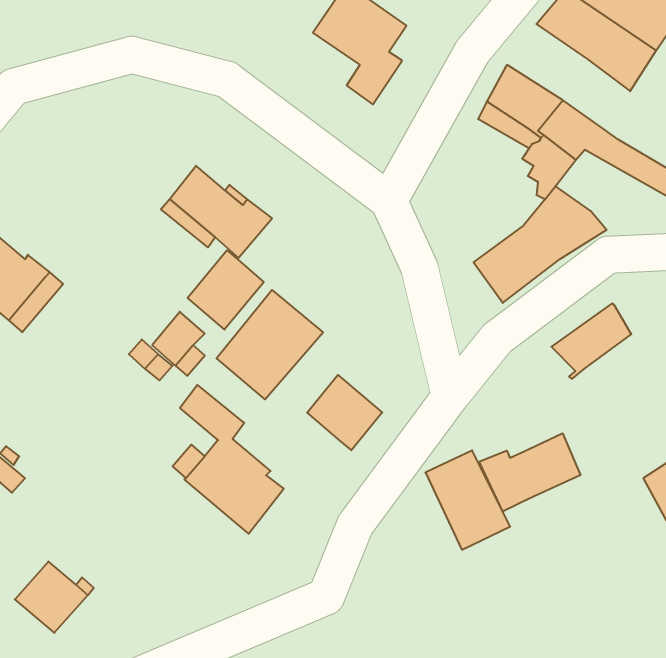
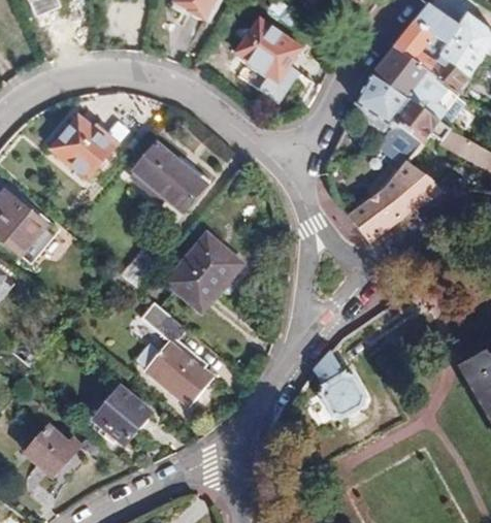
building: none -> [371,45,467,127]
building: none -> [50,115,114,178]
building: [188,250,264,330] -> none
building: [551,303,631,379] -> none
building: [307,375,382,450] -> none
building: [479,433,580,512] -> none
building: none -> [92,385,151,445]

